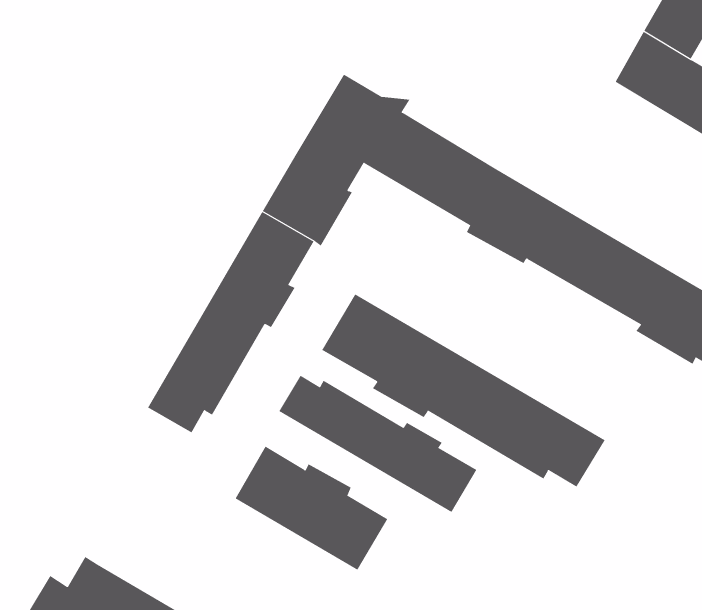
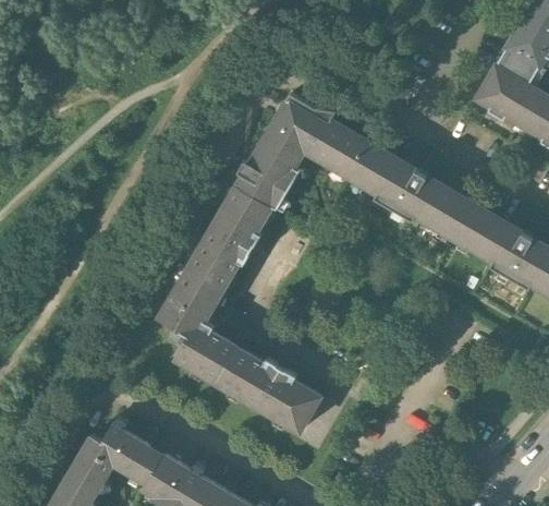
building: [322,293,605,488] -> none
building: [278,375,477,513] -> none
building: none -> [175,323,237,383]

